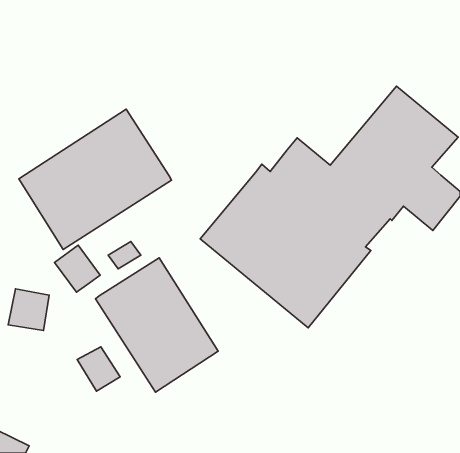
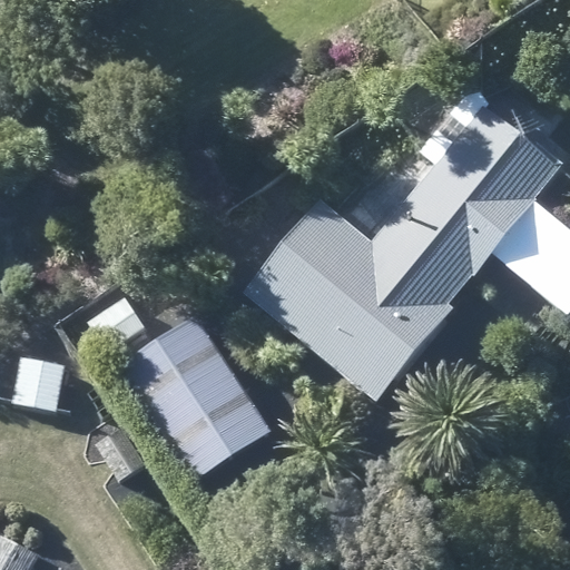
building: [19,109,171,249] -> none

